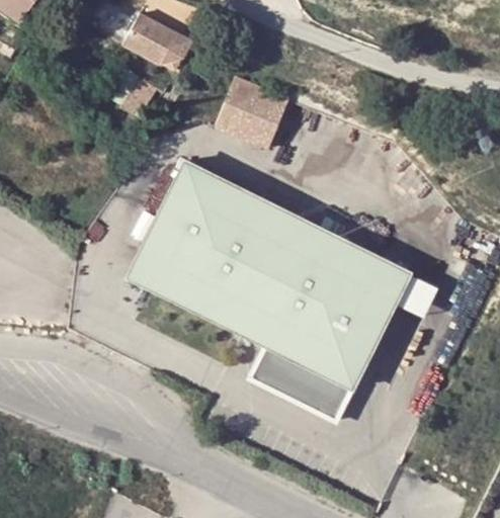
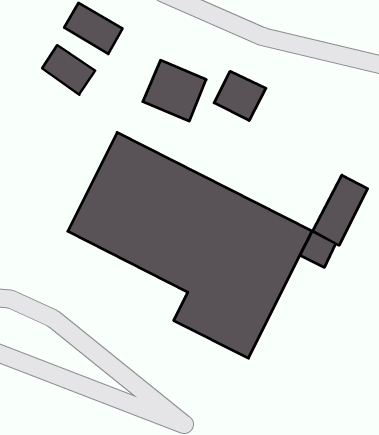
building: none -> [214,71,266,121]
building: none -> [313,175,368,245]

